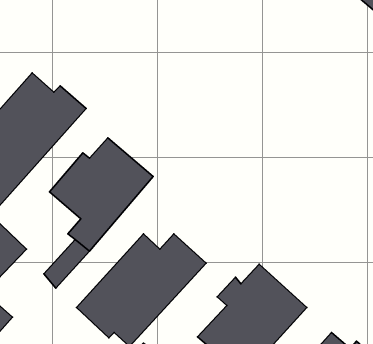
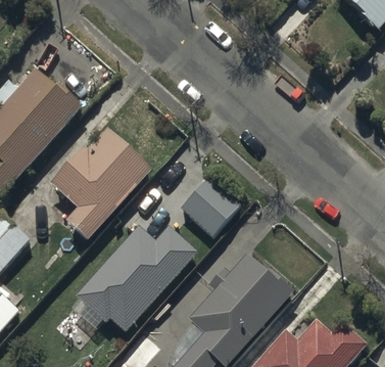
building: none -> [181,174,240,233]

